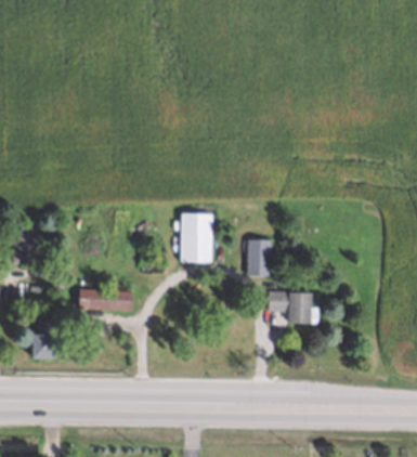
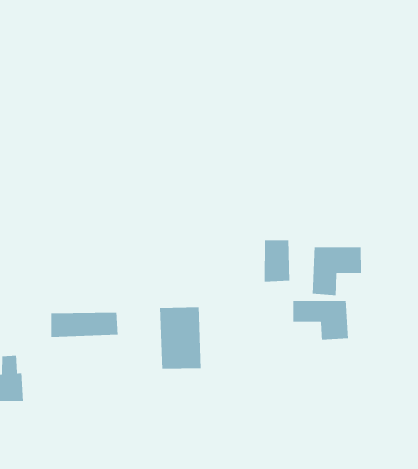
building: [179,214,211,264] -> [159,306,202,370]
building: none -> [312,246,362,296]

